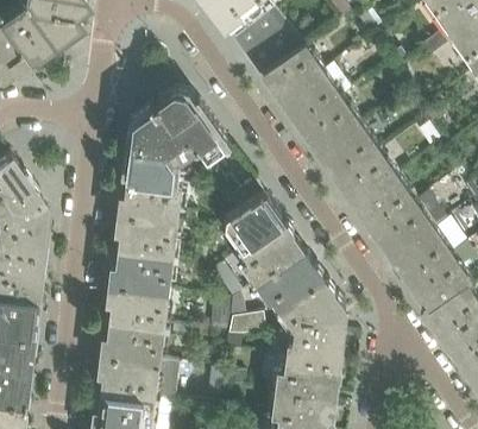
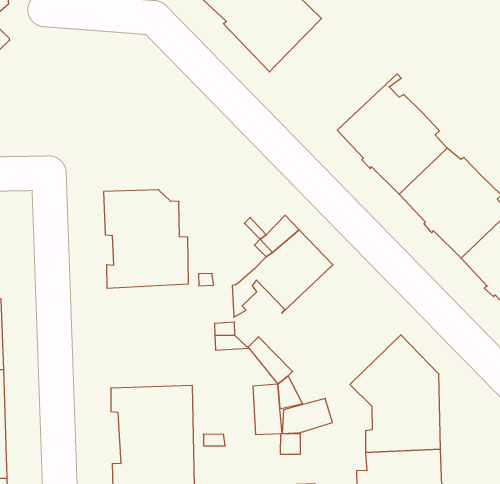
building: [265,51,353,132] -> none
building: [130,95,233,168] -> none
building: [113,219,180,297] -> none
building: [243,227,325,314] -> none

